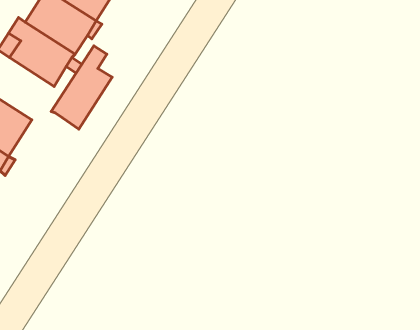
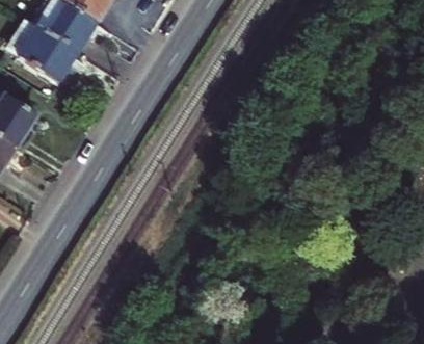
building: [51,46,112,129] -> none

